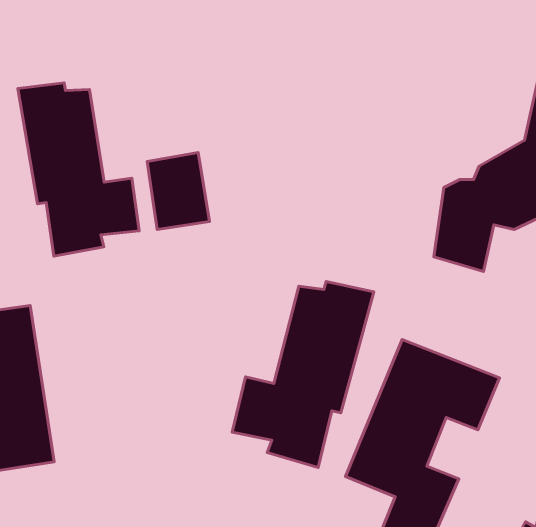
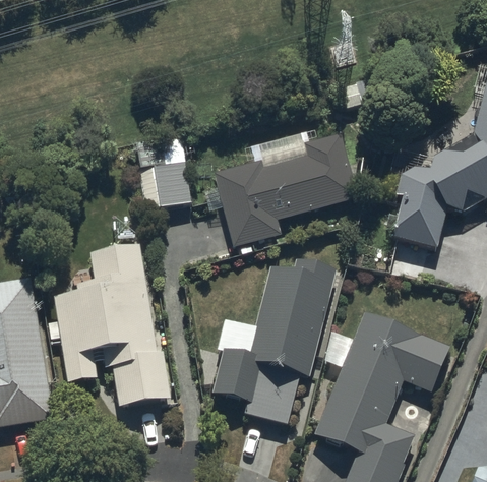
building: [18,83,139,256] -> none
building: none -> [212,132,357,246]
building: none -> [47,243,169,404]

